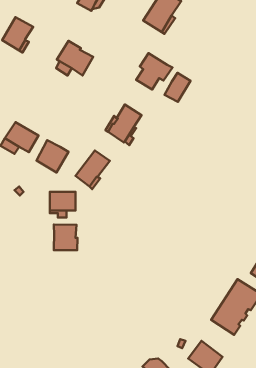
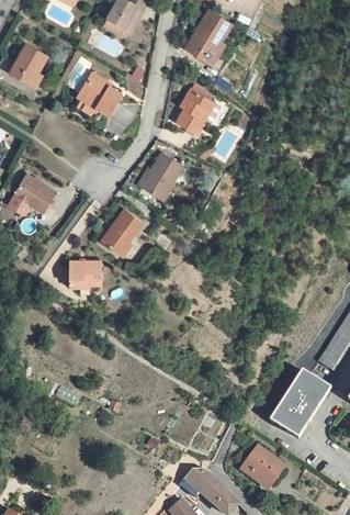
building: [164,73,191,102] -> none
building: [36,140,68,172] -> none
building: [54,224,78,250] -> none

